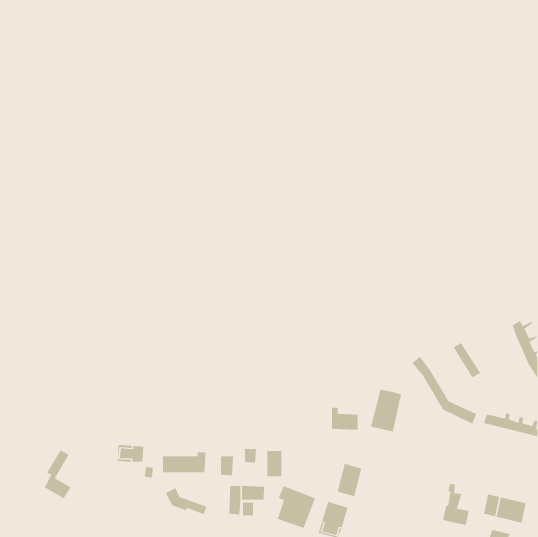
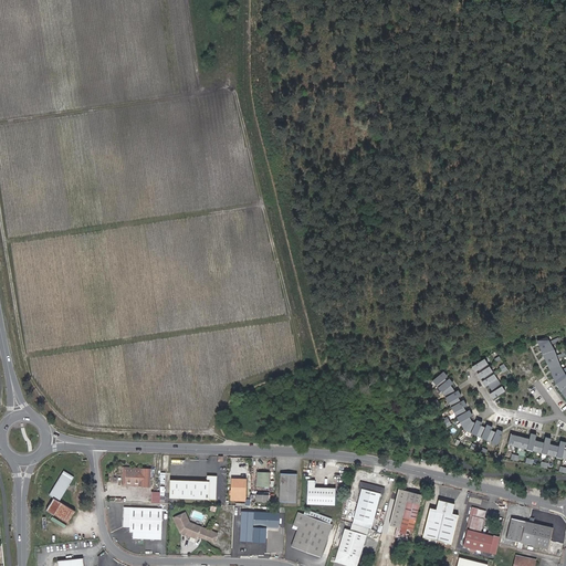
building: [370,389,402,432] -> [389,491,422,536]
building: [331,407,359,430] -> [307,481,336,505]
building: none -> [423,500,458,545]
building: none -> [124,509,161,539]

